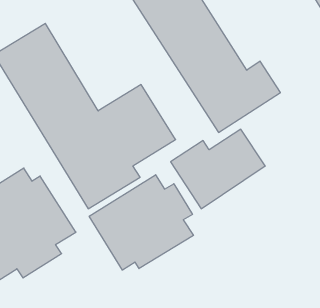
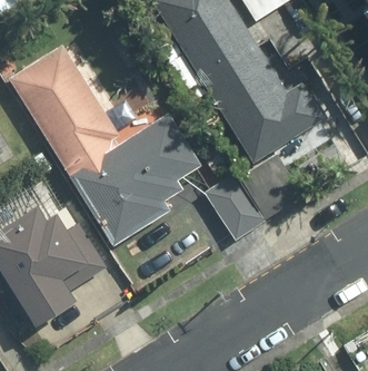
building: [89,175,193,270] -> none

